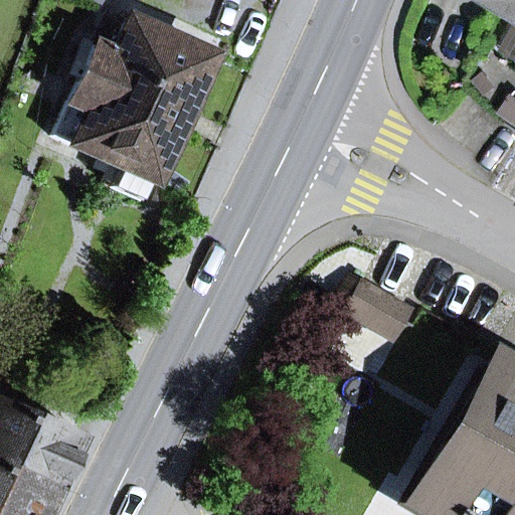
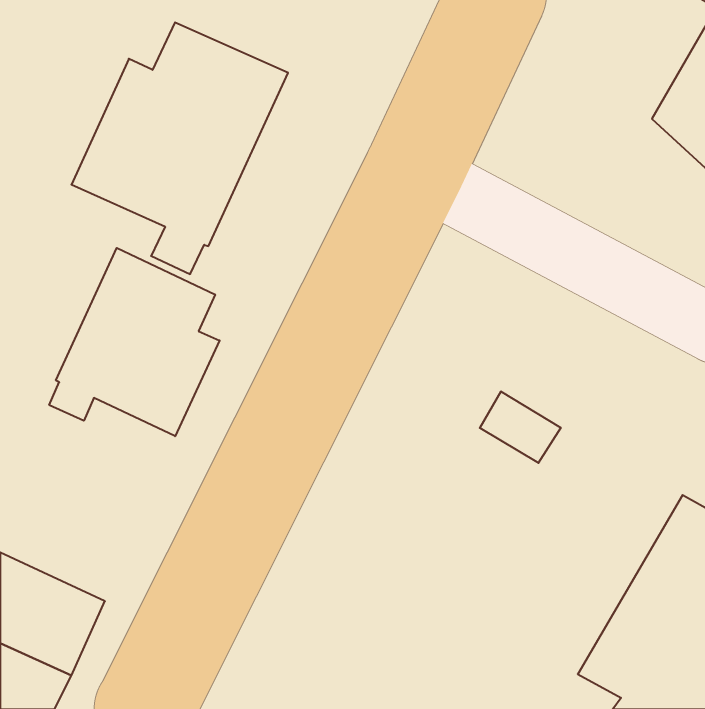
building: none -> [49,248,220,436]

